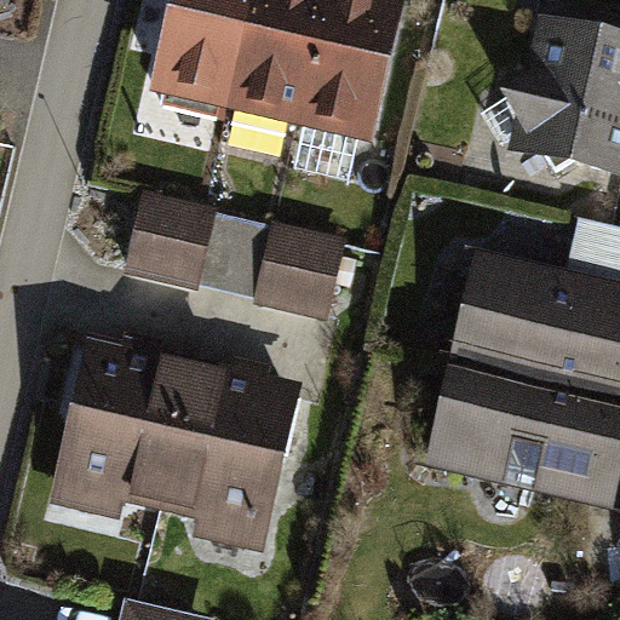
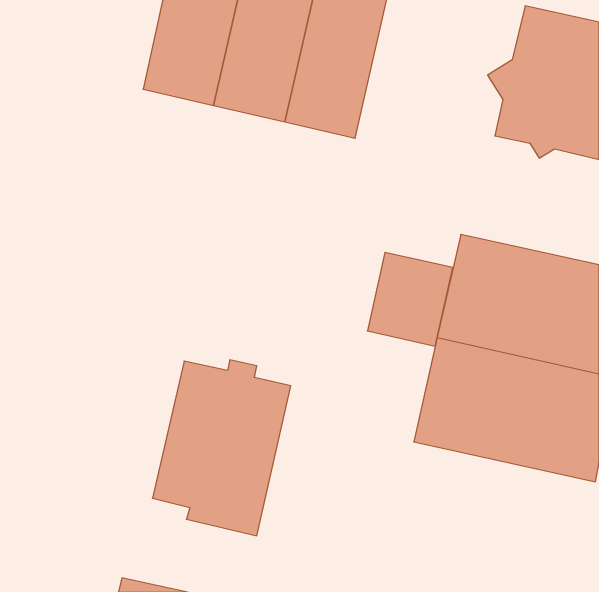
building: [124,196,212,293] -> none
building: [253,225,341,322] -> [367,252,453,346]
building: [46,345,190,519] -> none

